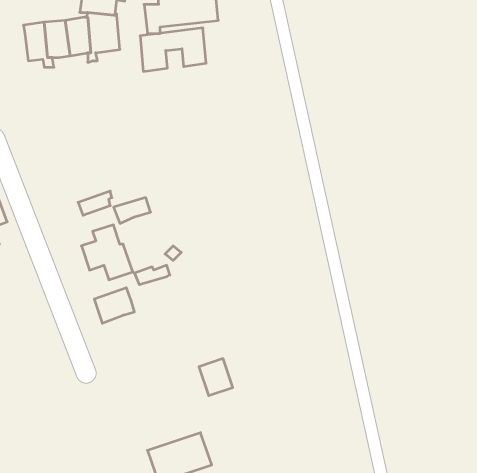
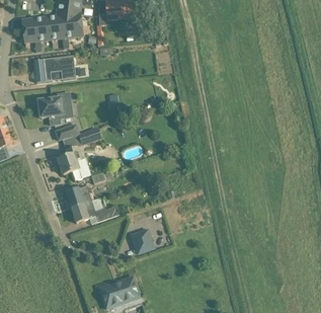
building: [140,28,206,71] -> [34,55,76,82]
building: none -> [38,92,73,123]
building: none -> [72,197,118,222]

